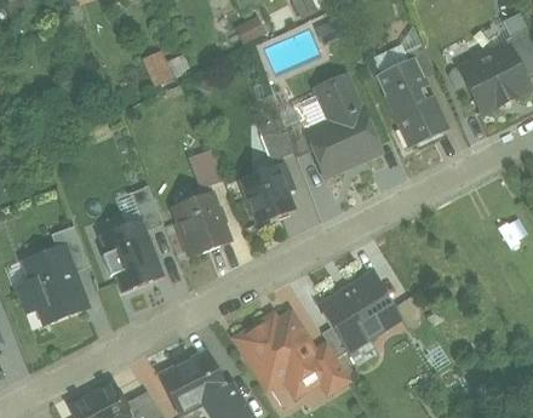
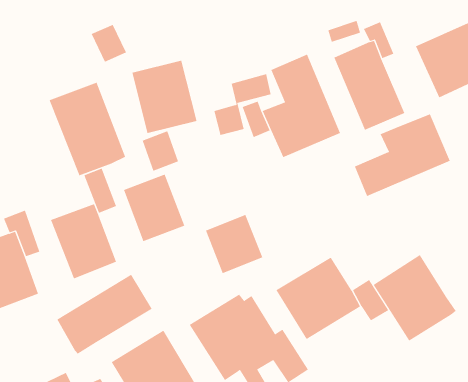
building: none -> [132,60,197,134]
building: none -> [49,82,126,176]
building: none -> [354,113,450,197]
building: [239,166,296,224] -> [205,214,263,274]
building: none -> [373,254,456,341]
building: none -> [56,274,153,355]

